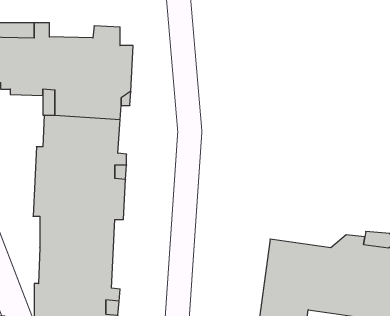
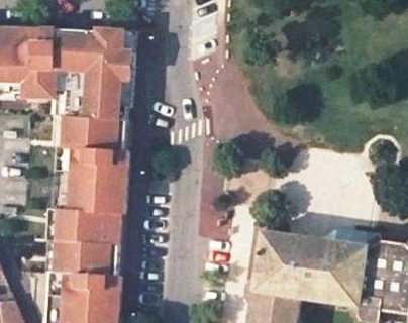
building: none -> [57,29,135,50]

